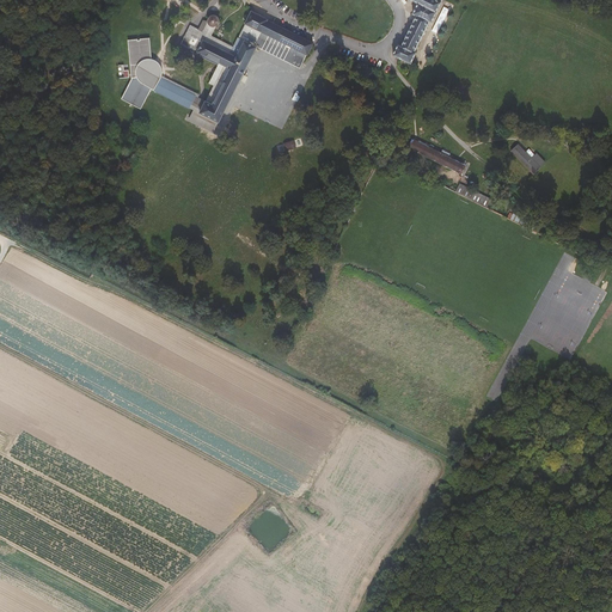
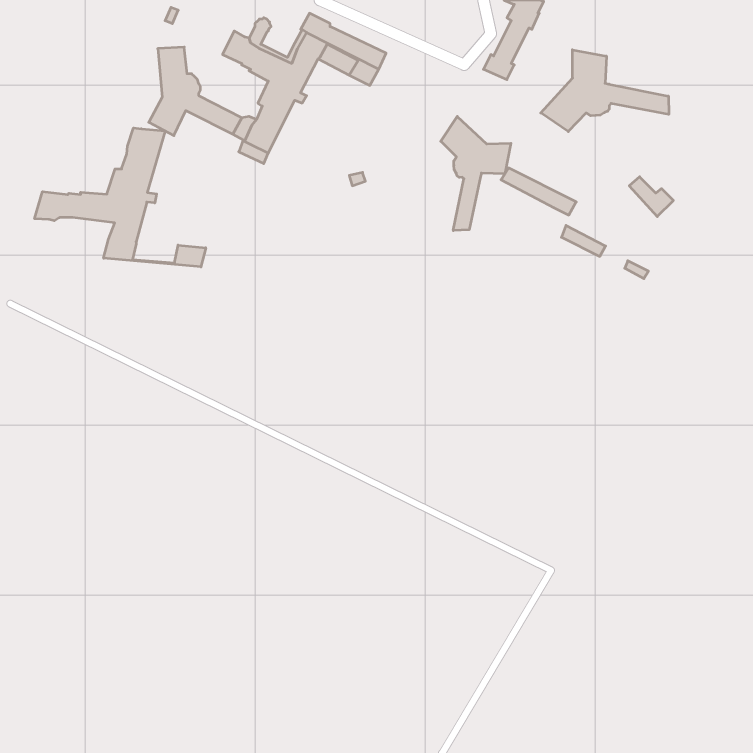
building: none -> [541,50,669,132]
building: none -> [441,116,511,231]
building: none -> [35,128,206,267]

